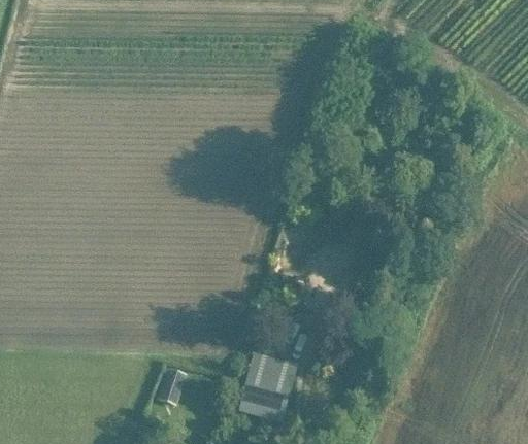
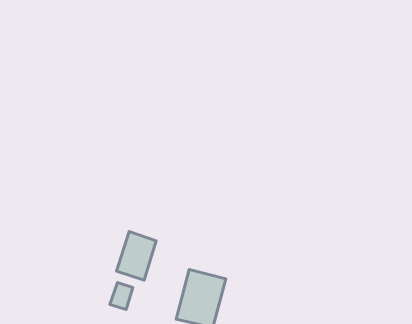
building: none -> [117,231,156,280]

